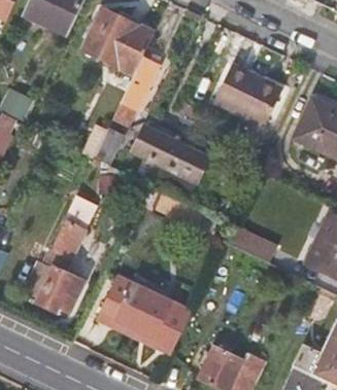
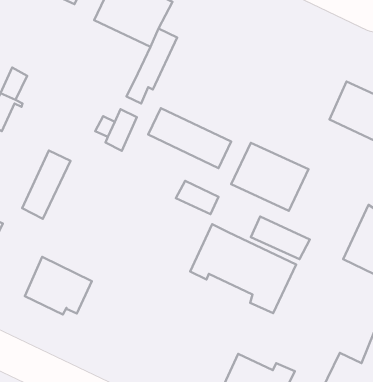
building: [213,66,282,127] -> [231,143,308,211]
building: [53,198,96,258] -> [22,151,71,219]
building: [97,275,192,354] -> [190,224,296,313]

